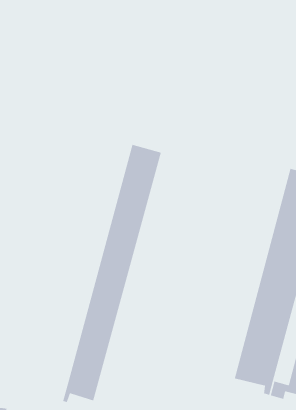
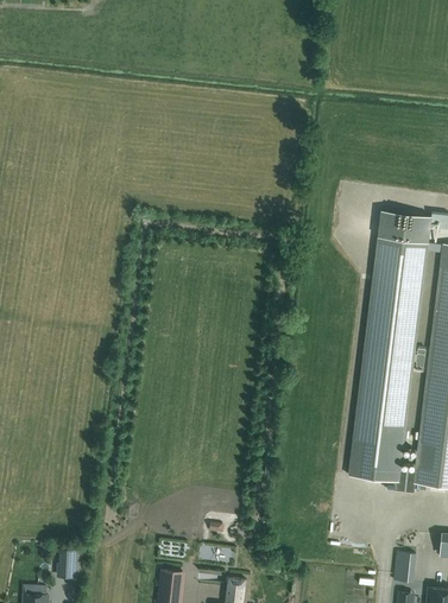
building: [62,144,162,403] -> none

